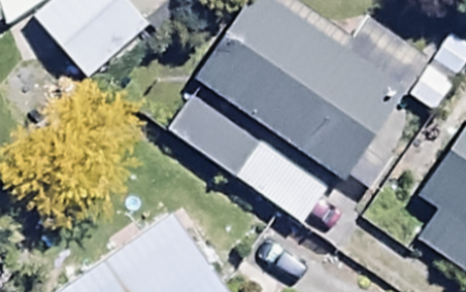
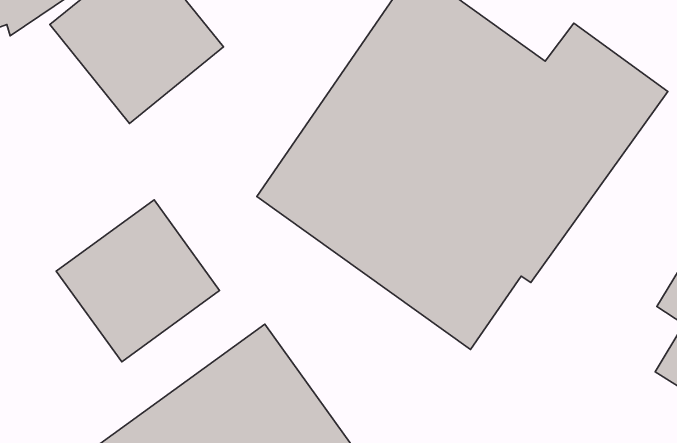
building: none -> [56,200,220,362]

